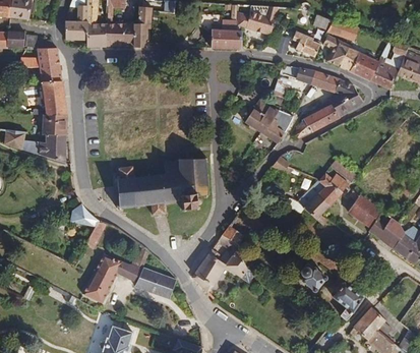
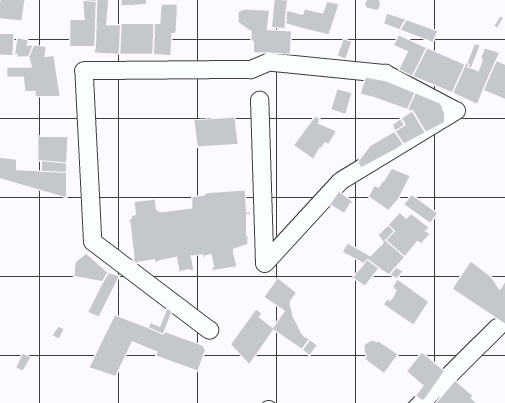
building: [293,28,322,54] -> none
building: [39,80,65,112] -> none
building: none -> [194,117,238,147]
building: [259,108,293,141] -> [368,168,410,211]
building: [347,192,383,229] -> [383,279,429,325]

